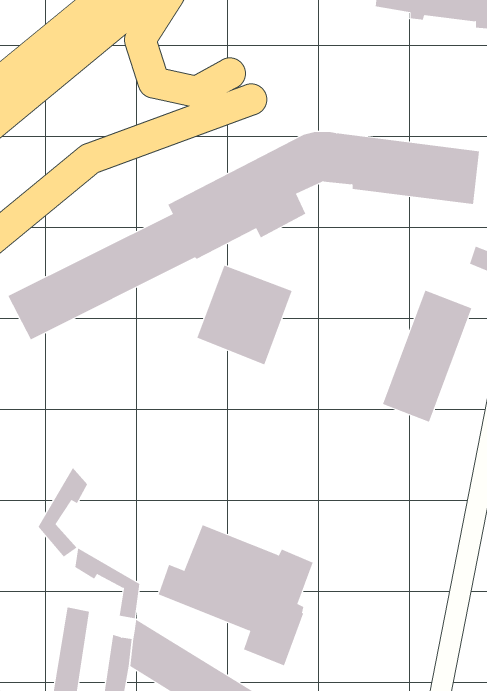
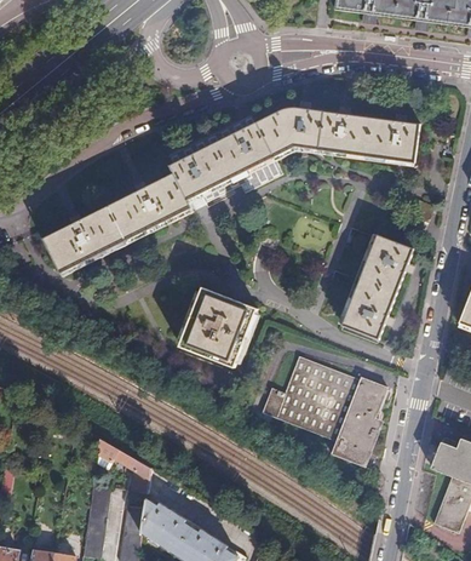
building: [196,265,292,365] -> [180,286,257,366]
building: [38,467,88,558] -> none
building: [158,524,313,666] -> [263,353,386,465]

